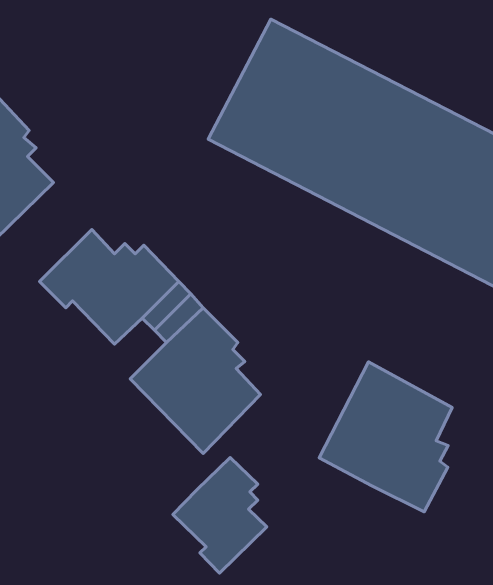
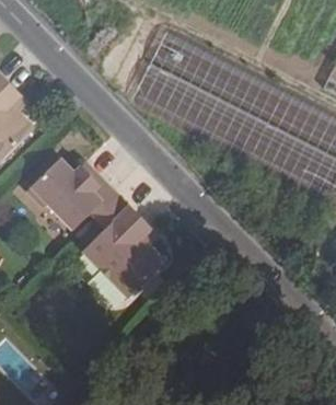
building: [319,362,452,512] -> none
building: [173,457,267,573] -> none

